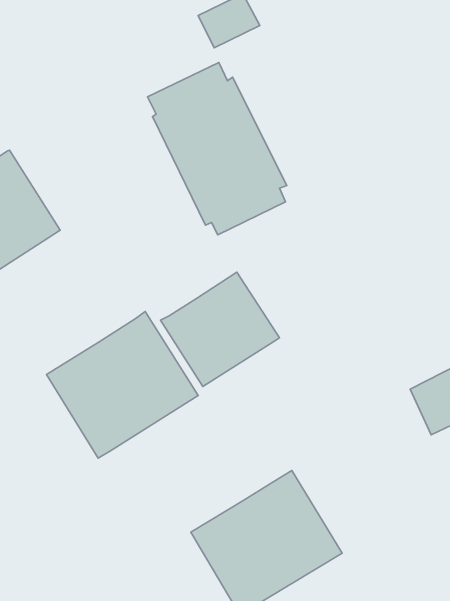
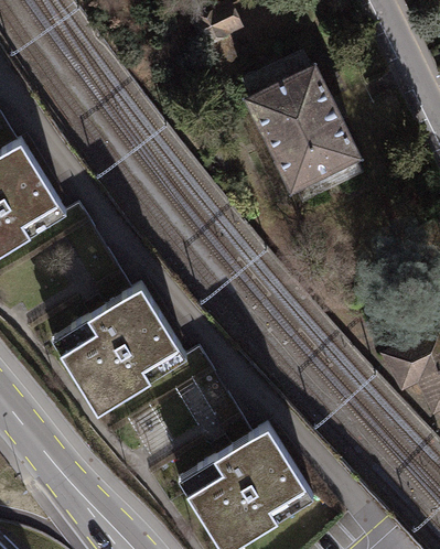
building: [147,62,287,235] -> [238,50,363,204]
building: [161,272,279,387] -> none

